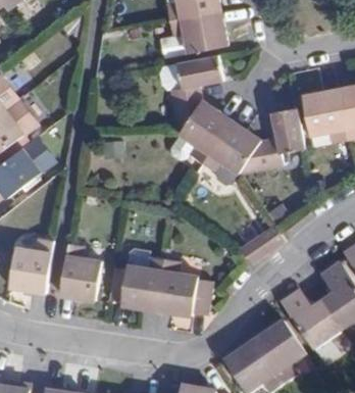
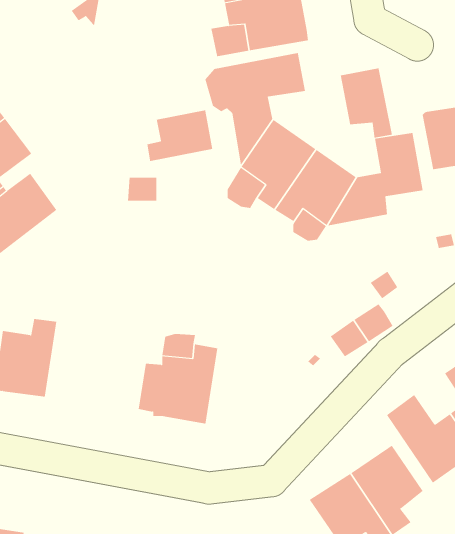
building: none -> [340,67,392,139]
building: none -> [147,110,213,162]
building: [61,242,102,299] -> none
building: [156,257,213,315] -> none

